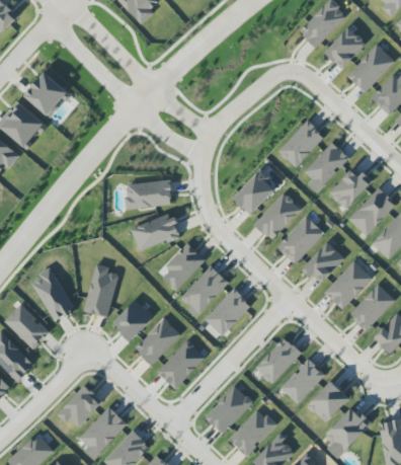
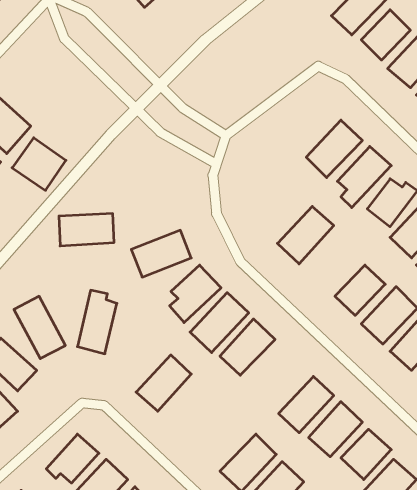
building: [23,73,69,118] -> [12,138,66,190]
building: [233,170,277,216] -> none
building: [125,181,171,209] -> [59,214,114,246]
building: [276,216,324,264] -> none
building: [112,299,153,341] -> none
building: [157,340,206,389] -> none

